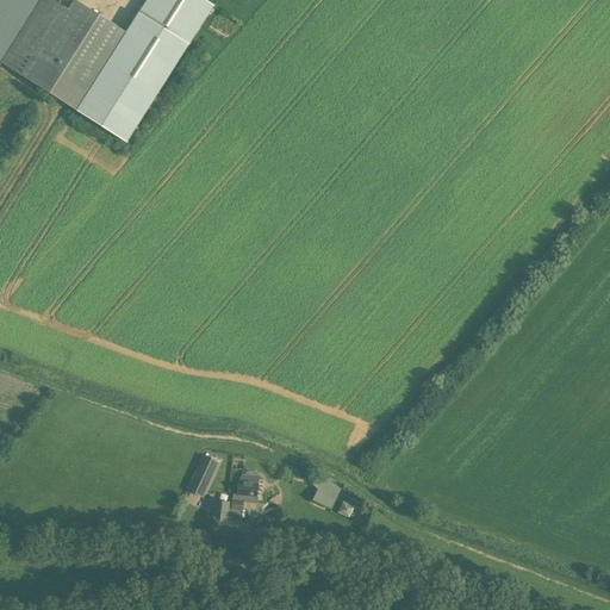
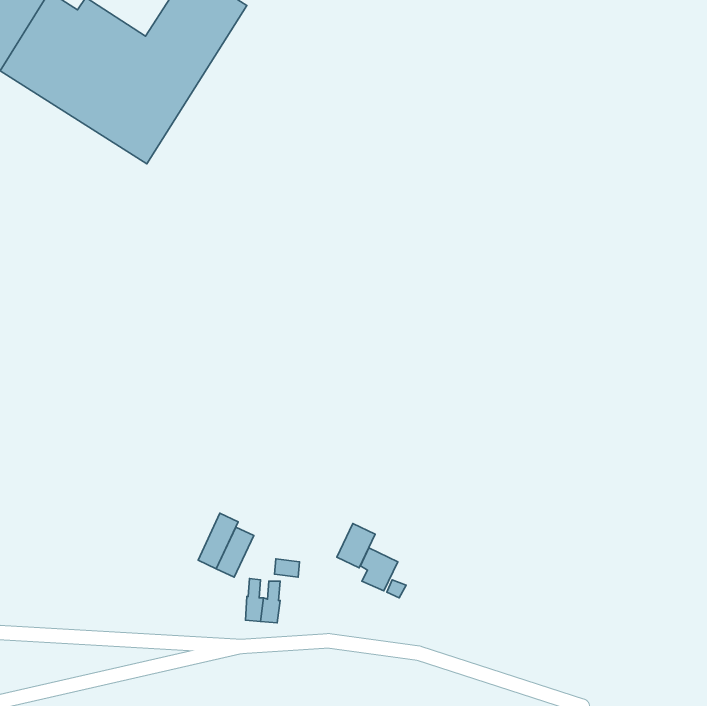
building: none -> [198,513,238,569]
building: none -> [337,523,375,568]

